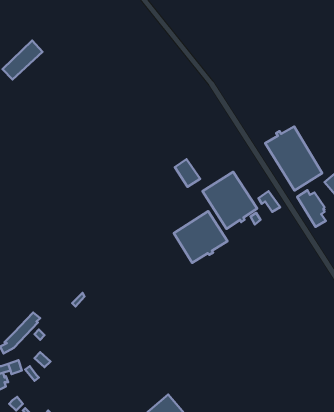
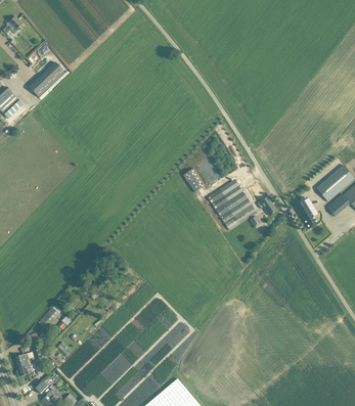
building: [265,126,322,191] -> none
building: [174,211,227,263] -> none

